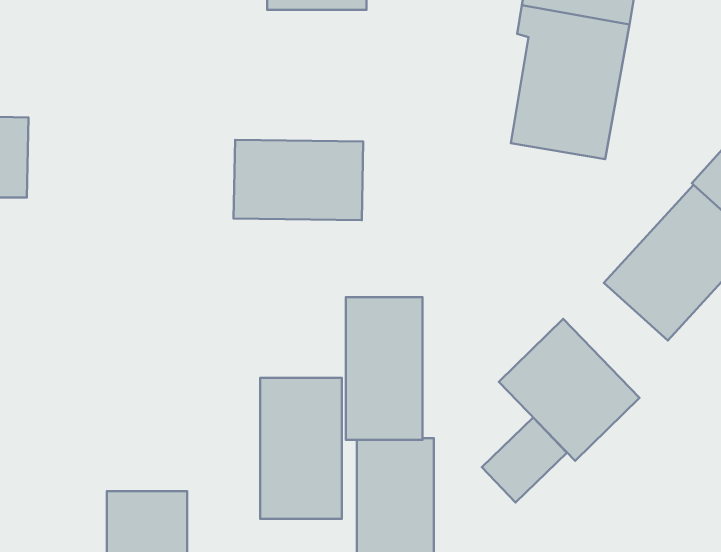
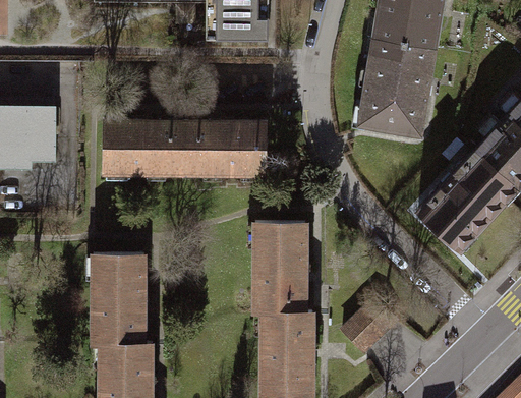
building: none -> [102,123,183,173]
building: [499,319,639,461] -> none
building: [260,378,342,519] -> [95,257,147,346]

